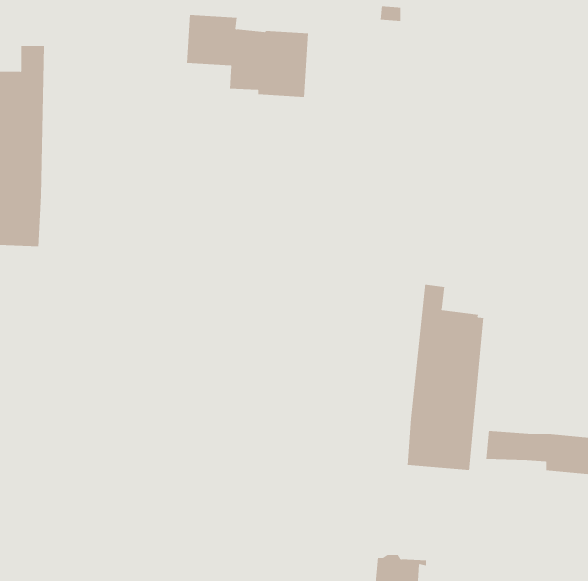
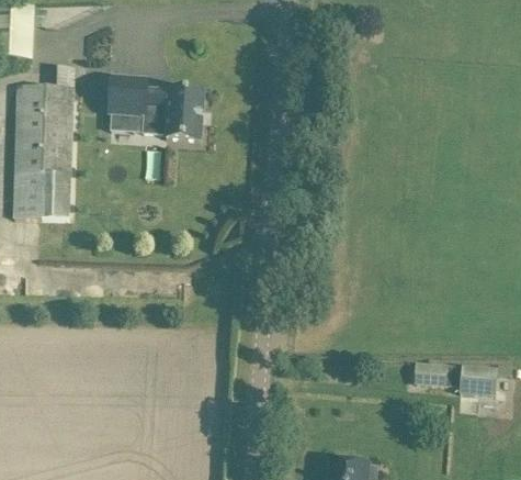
building: [186,15,309,97] -> [109,77,203,141]
building: [407,284,484,471] -> none

